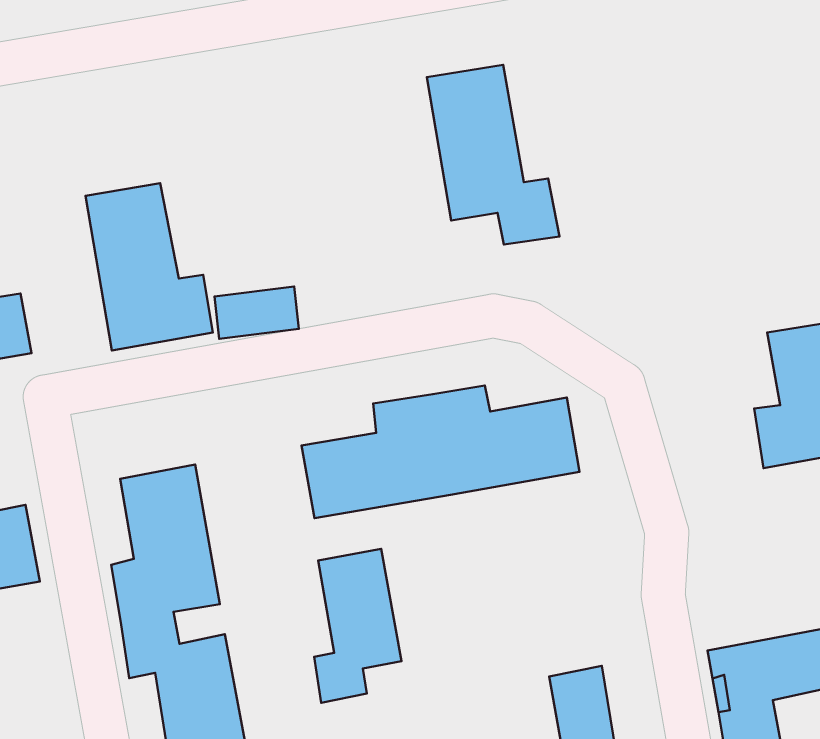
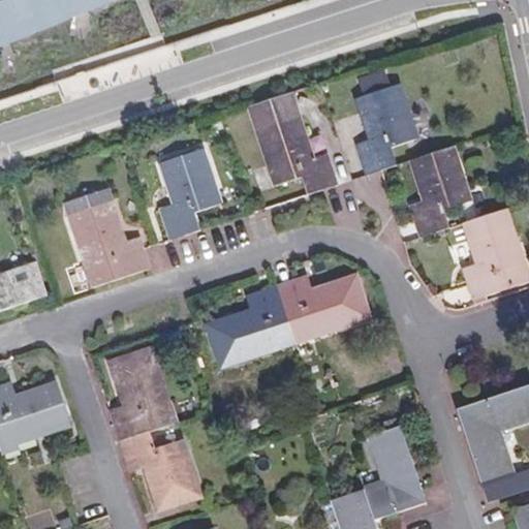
building: none -> [356,84,417,175]
building: none -> [159,148,221,240]
building: none -> [410,145,470,237]
building: [314,549,401,703] -> none

